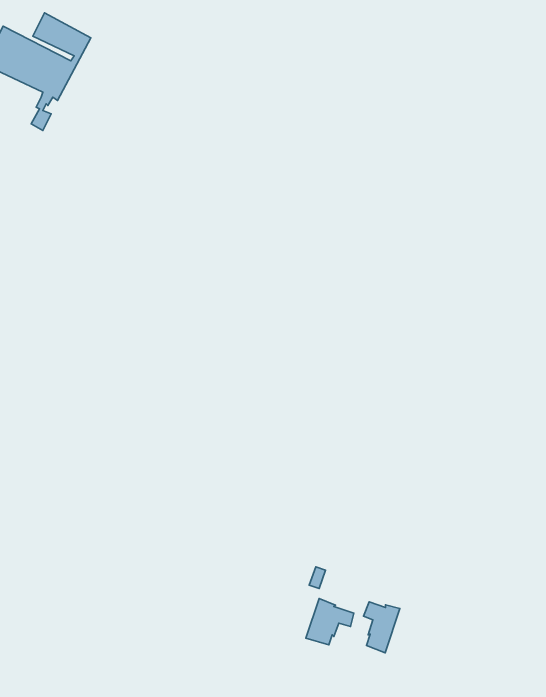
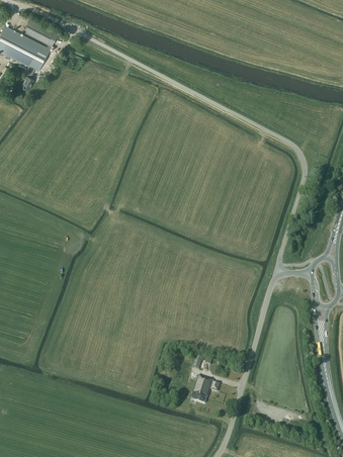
building: [363,602,400,653] -> none

